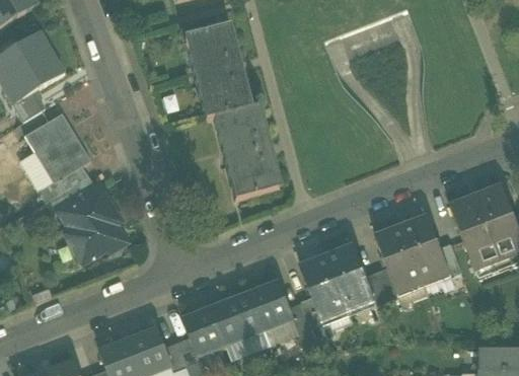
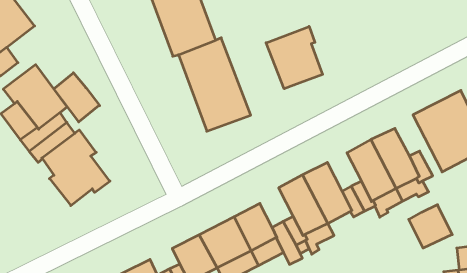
building: none -> [266,26,323,89]
building: none -> [54,73,100,122]
building: none -> [409,205,452,248]

